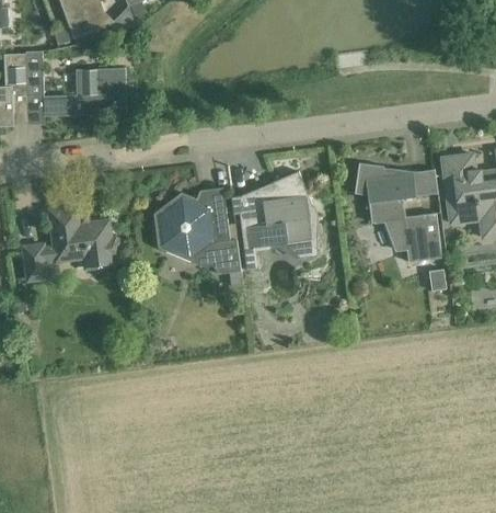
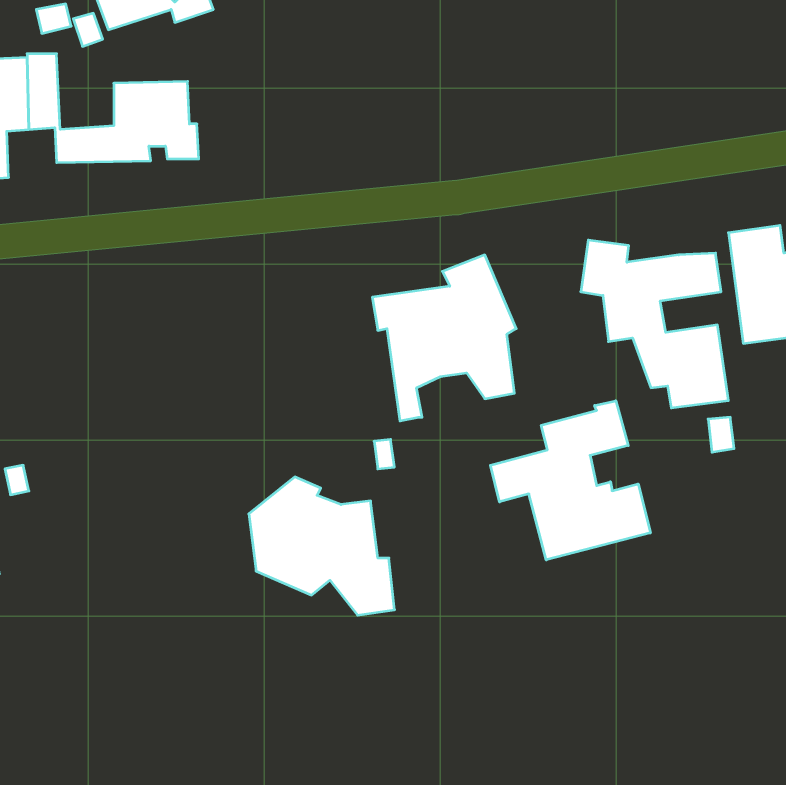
building: [153,192,240,274] -> [249,477,395,615]
building: [22,206,119,280] -> none
building: none -> [490,401,650,560]

